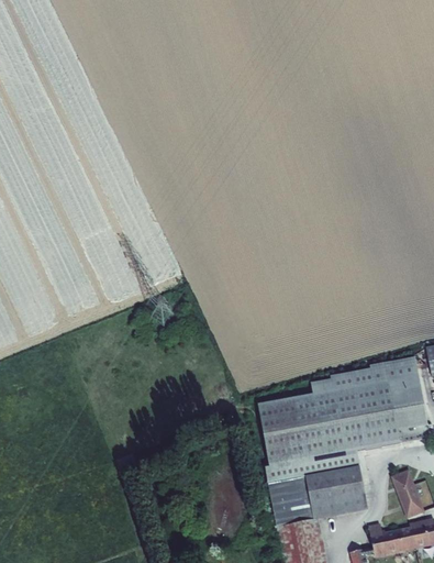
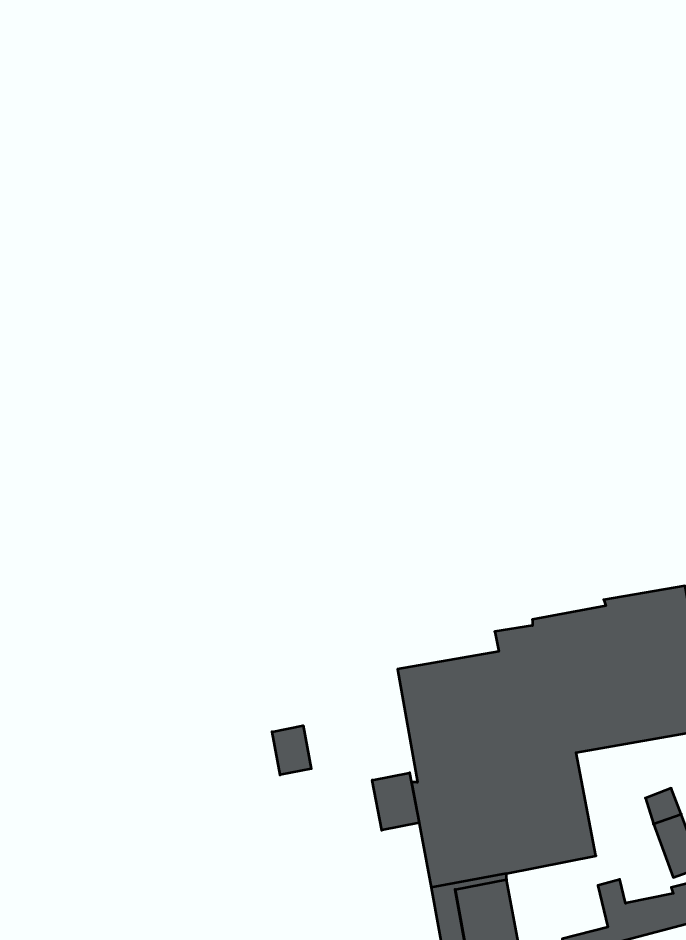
building: none -> [272,726,311,775]
building: none -> [372,773,419,830]

